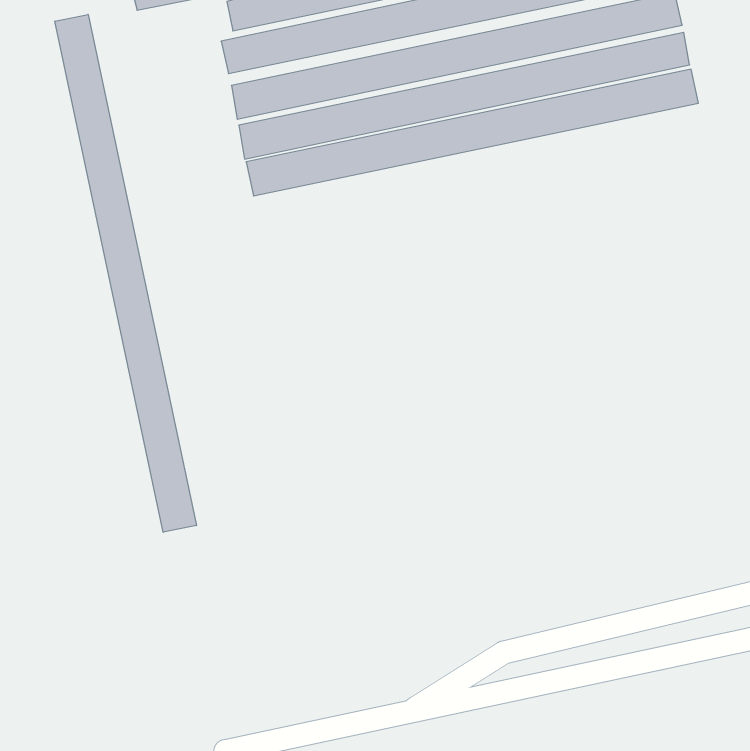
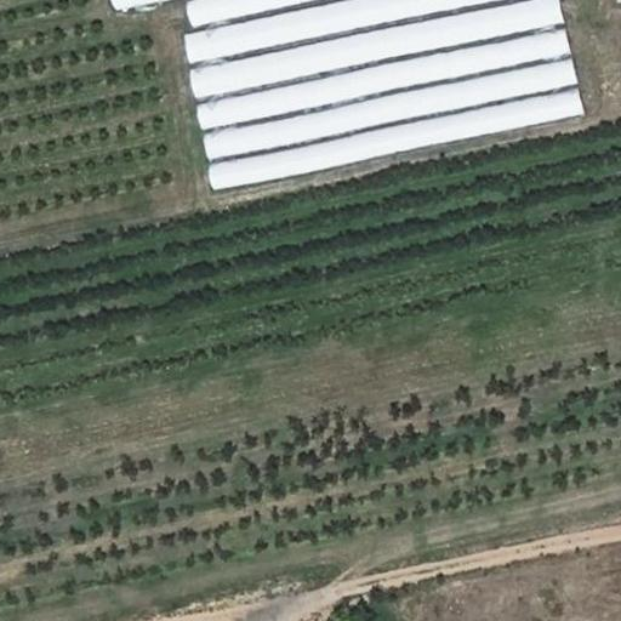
building: [55,14,196,532] -> none
building: none -> [209,86,581,190]

